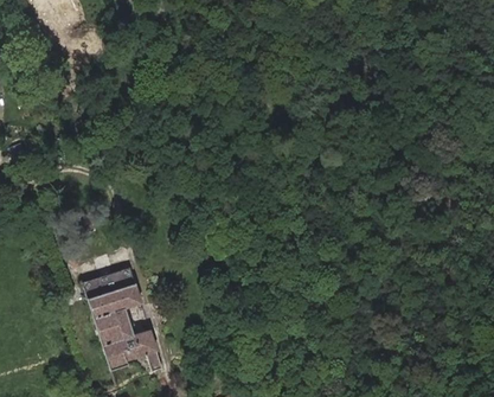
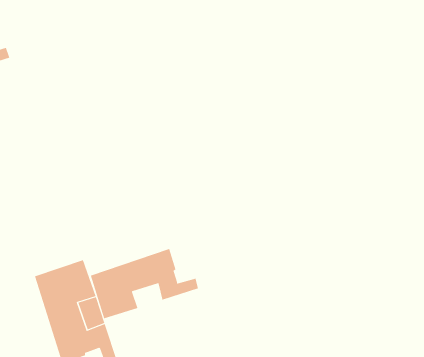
building: none -> [90,248,199,319]

